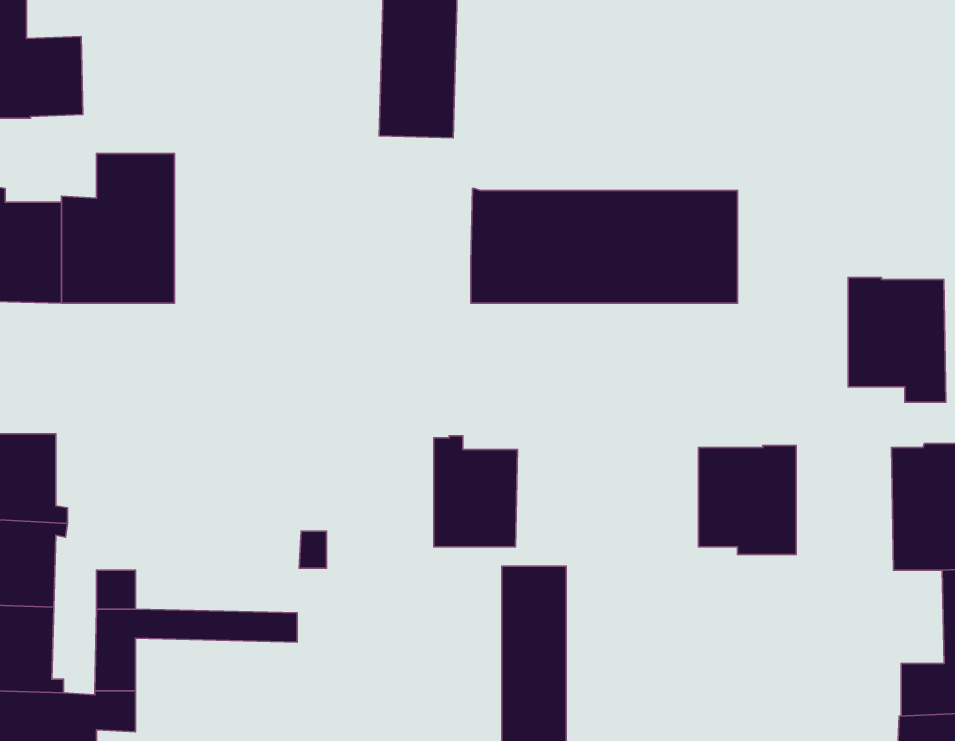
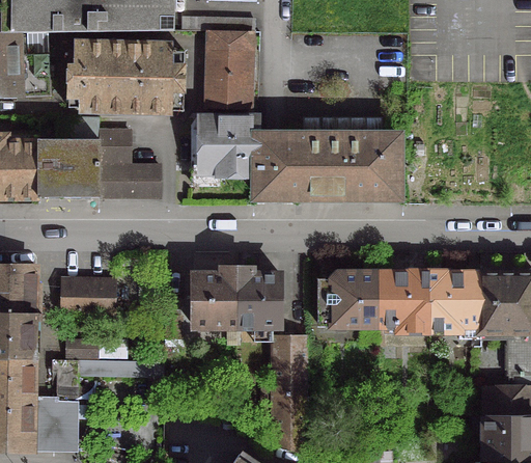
building: none -> [67,44,184,111]
building: none -> [200,118,257,174]
building: none -> [97,131,129,161]
building: none -> [97,165,159,196]
building: [848,278,946,402] -> [428,272,480,338]
building: none -> [192,267,235,326]
building: none -> [317,273,376,326]
building: none -> [60,279,115,315]

